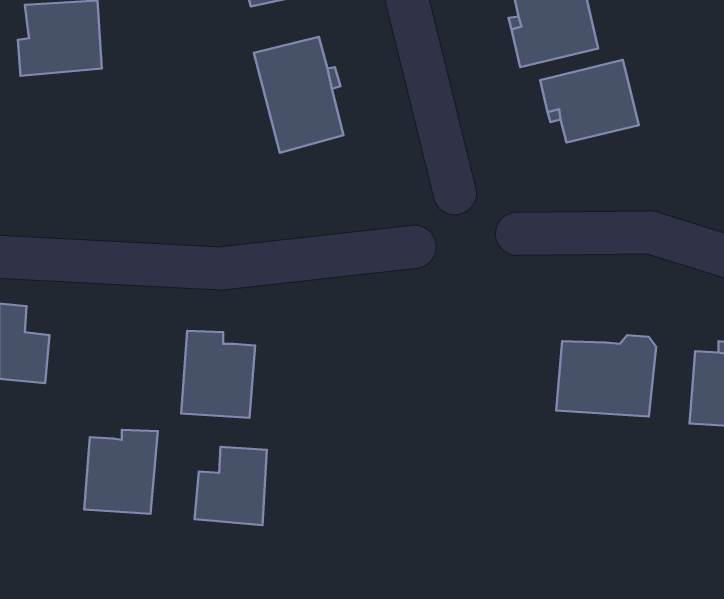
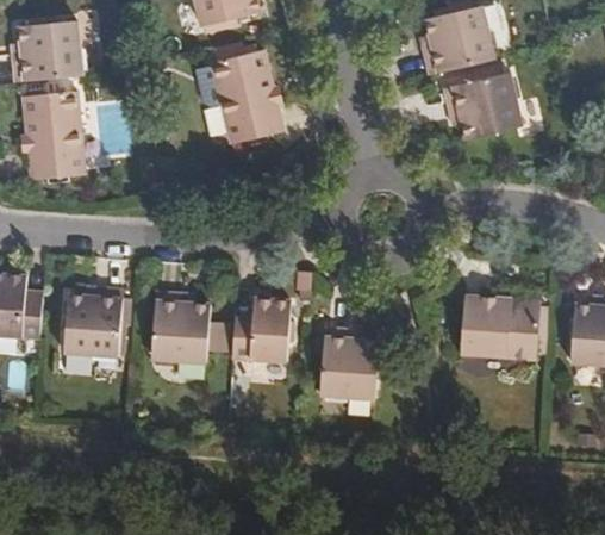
building: none -> [23,92,87,179]
building: none -> [320,329,379,403]
building: [84,430,158,514] -> [64,288,125,357]
building: [194,447,267,525] -> [231,296,291,360]

